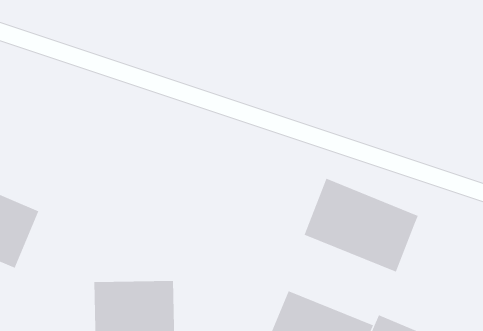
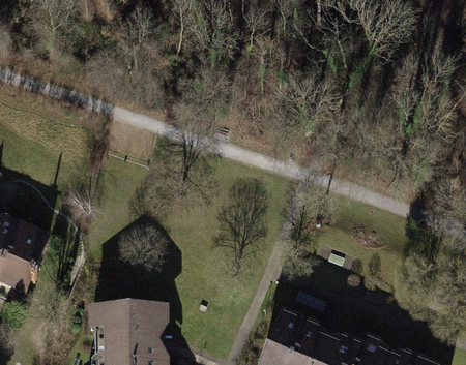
building: [304,178,419,273] -> none

